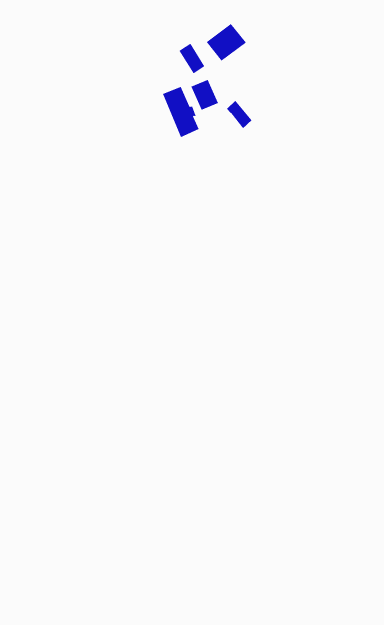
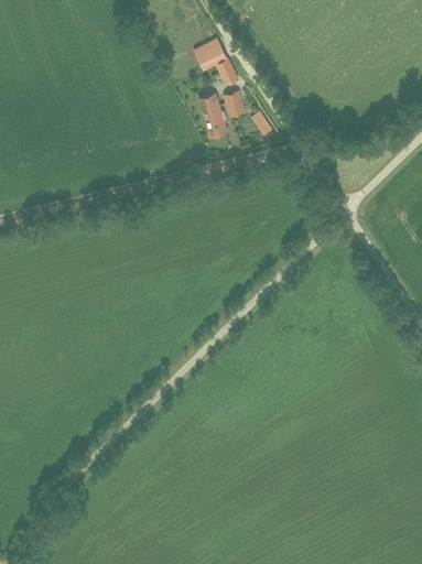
building: [206,23,247,61] -> [192,39,226,69]

